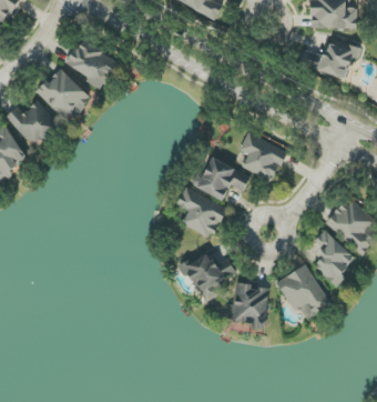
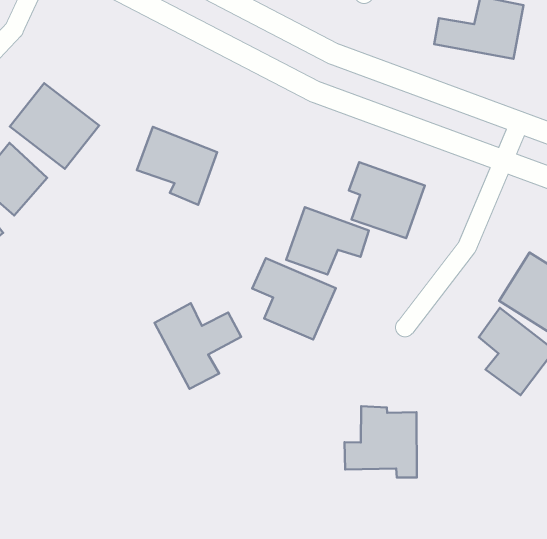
building: [67,40,116,90] -> [137,127,217,205]
building: [183,251,235,303] -> [154,303,241,389]
building: [276,264,330,320] -> none

